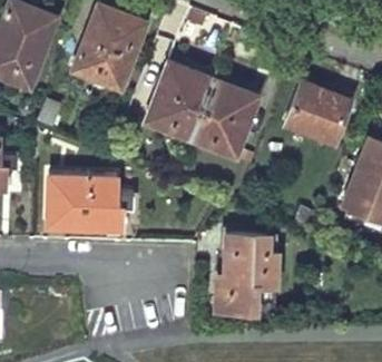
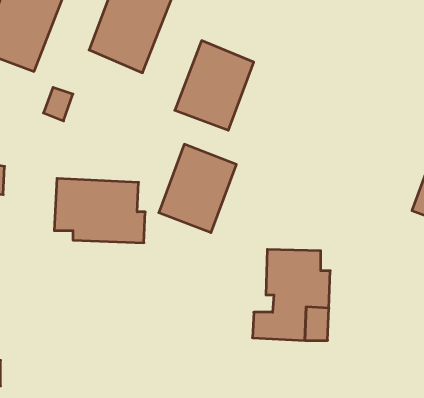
building: [192,80,256,154] -> [159,144,236,233]
building: [286,84,350,144] -> none

